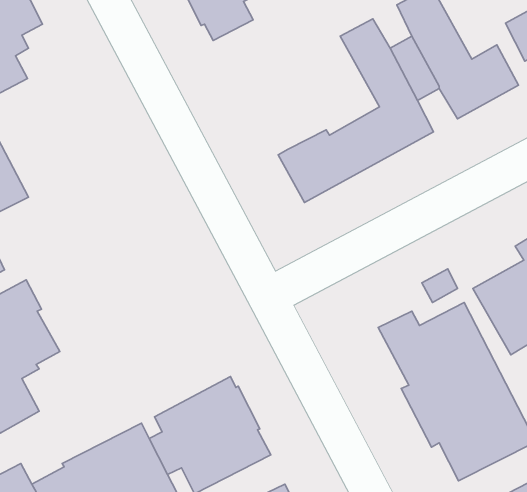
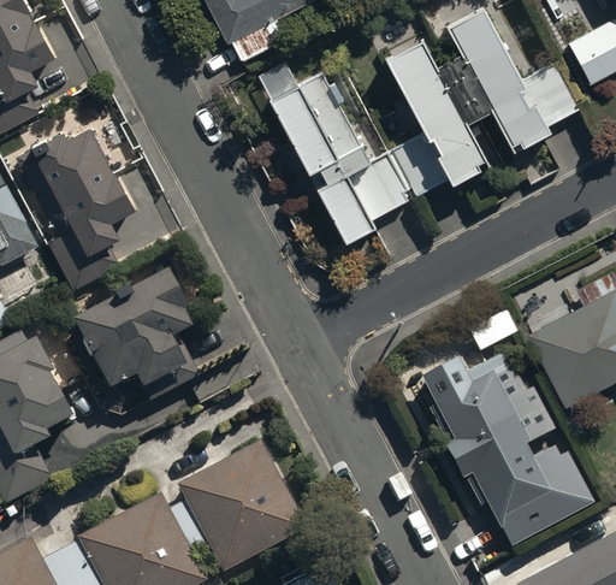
building: none -> [267,82,367,187]
building: none -> [12,128,136,294]
building: none -> [72,262,199,397]

